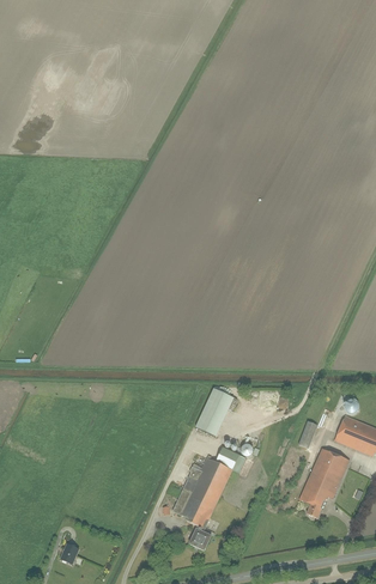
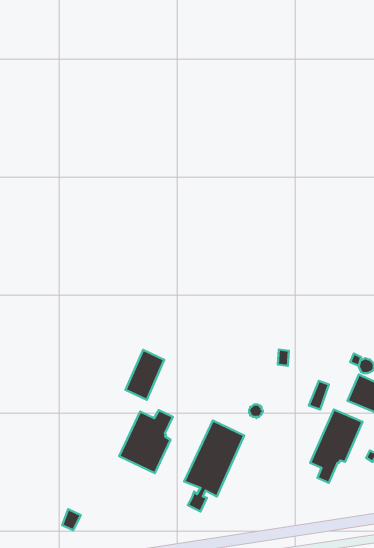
building: [196,388,234,436] -> [126,350,164,400]
building: none -> [119,410,173,473]

